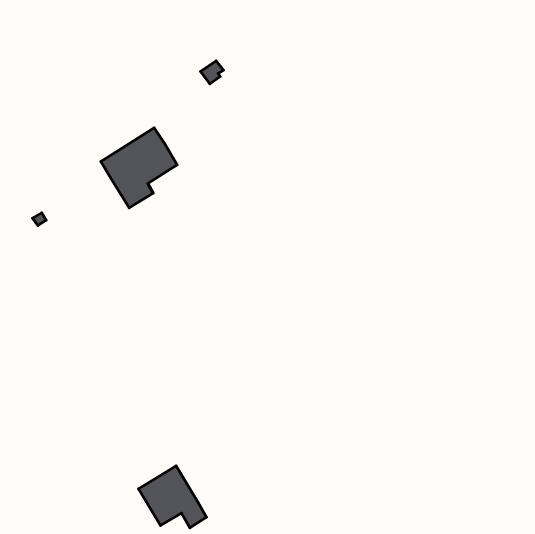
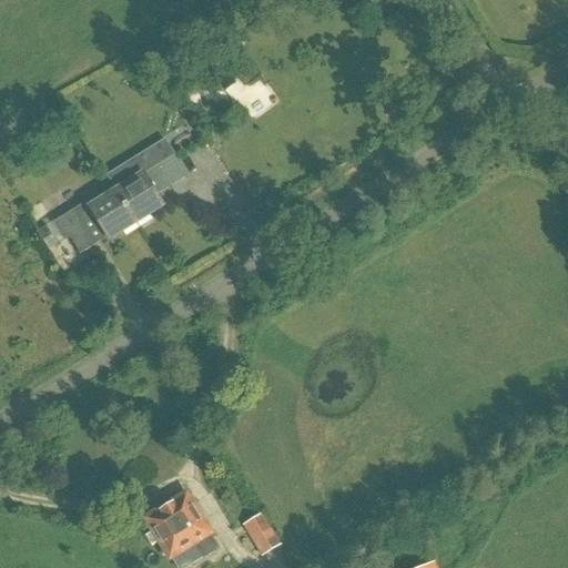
building: none -> [53,187,136,253]
building: none -> [242,511,280,556]

